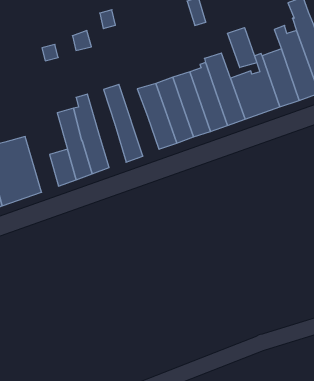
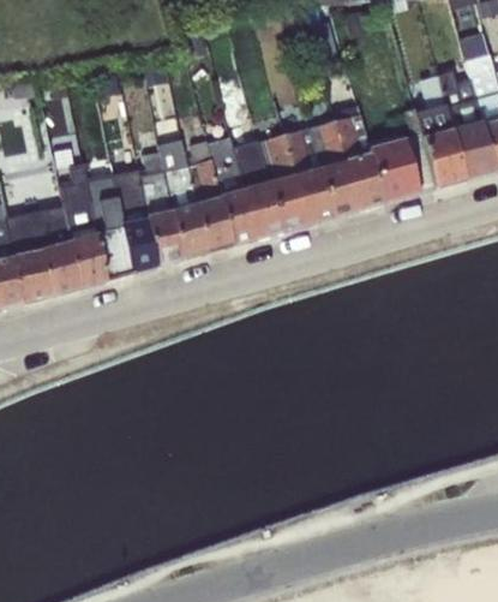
building: [228,28,257,68] -> none
building: none -> [205,136,256,245]
building: none -> [156,138,206,258]
building: none -> [59,162,106,287]

